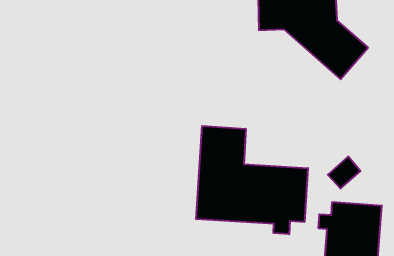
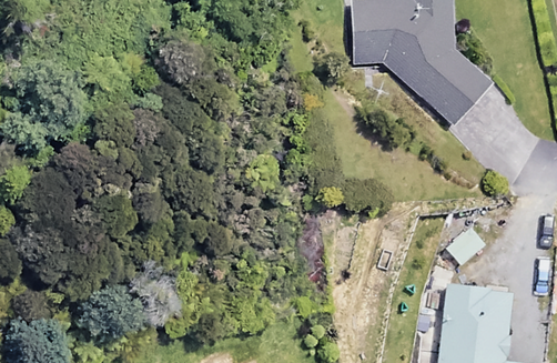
building: [196,126,308,234] -> none

